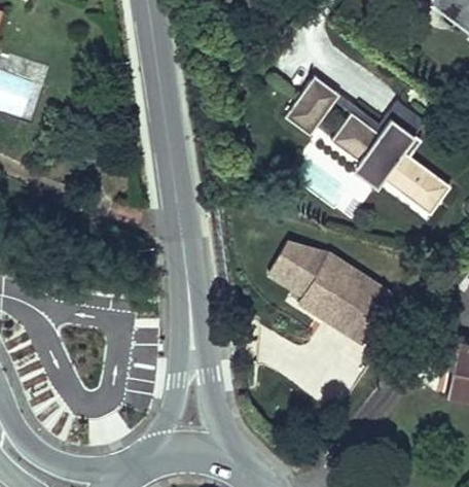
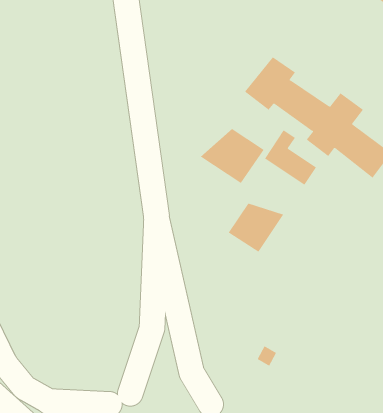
building: none -> [200,128,264,184]
building: [297,252,394,345] -> none

